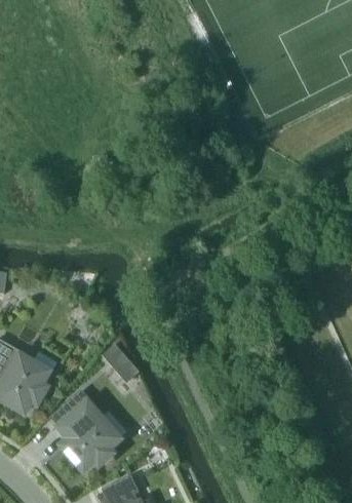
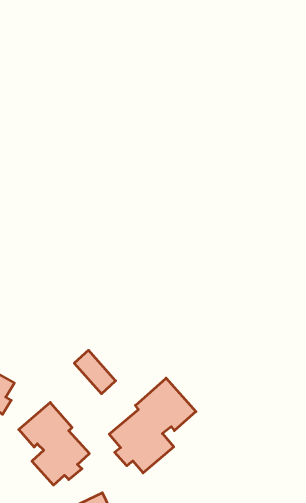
building: none -> [109,378,196,473]

